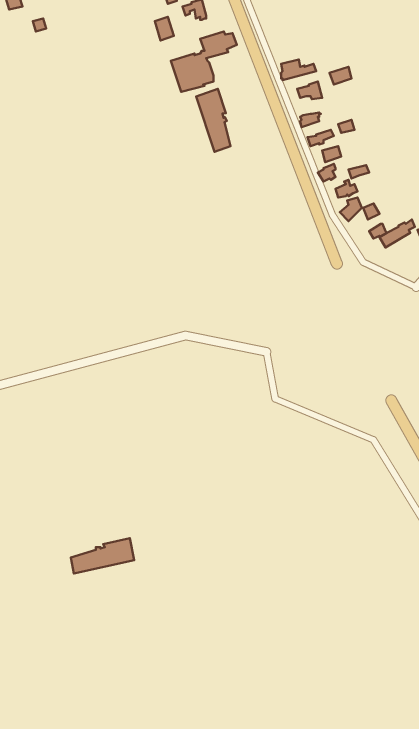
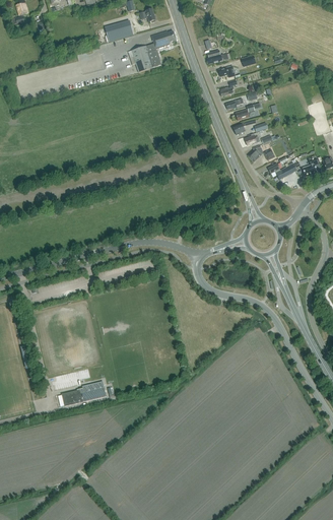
building: [196,89,230,152] -> none

